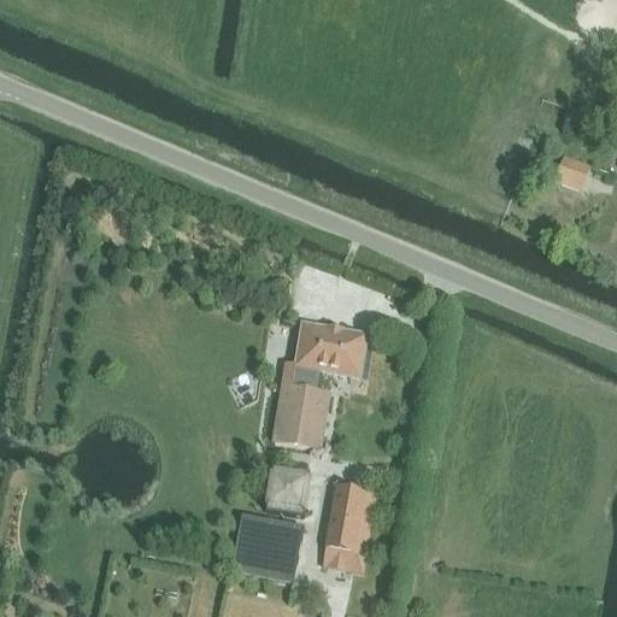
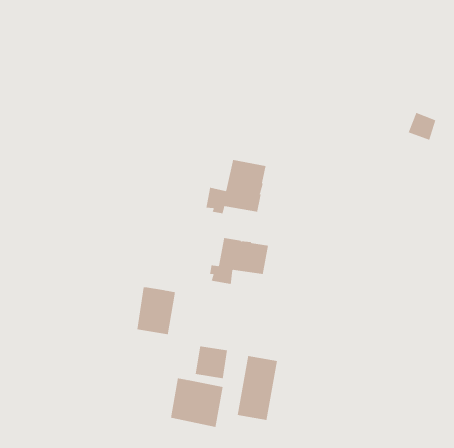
building: none -> [206,159,266,214]
building: [274,381,327,446] -> [137,287,176,335]

